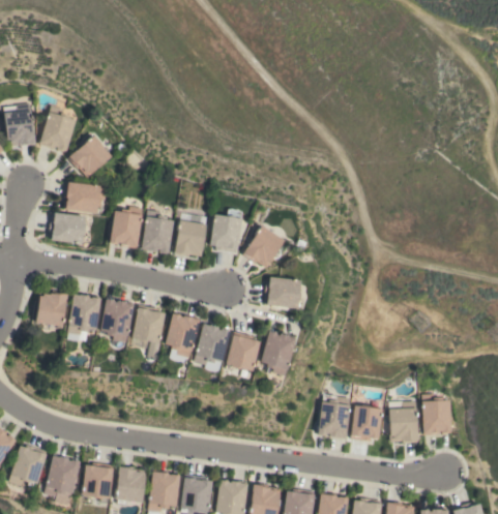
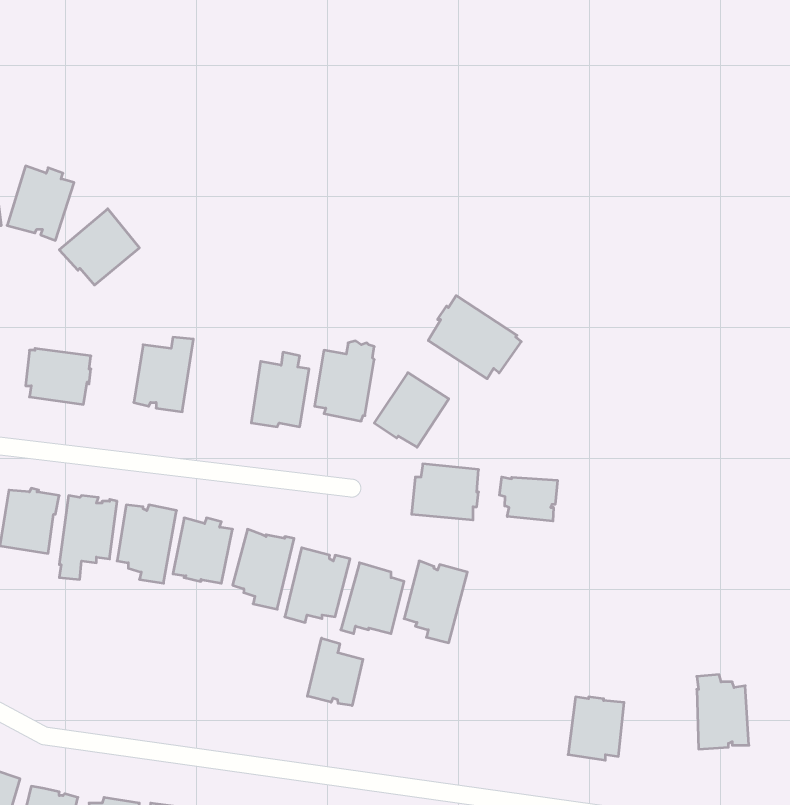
building: [64,182,107,214] -> none
building: none -> [428,296,521,379]
building: [142,210,174,254] -> none
building: none -> [499,477,557,521]
building: none -> [307,638,363,706]
building: [319,395,351,439] -> none
building: [389,401,418,443] -> none

